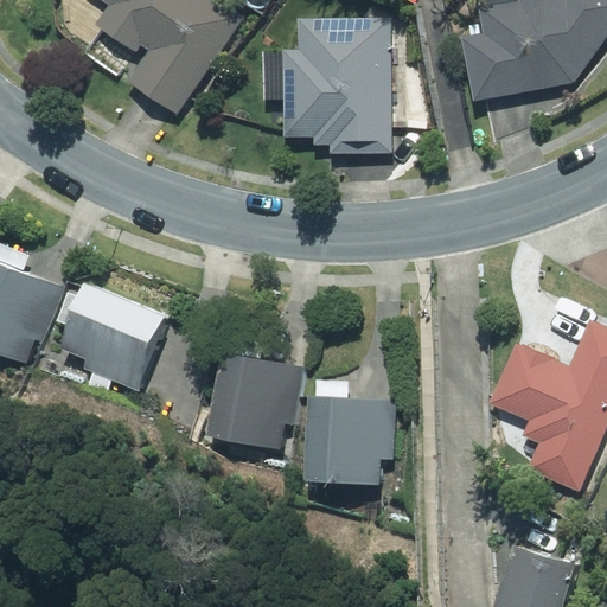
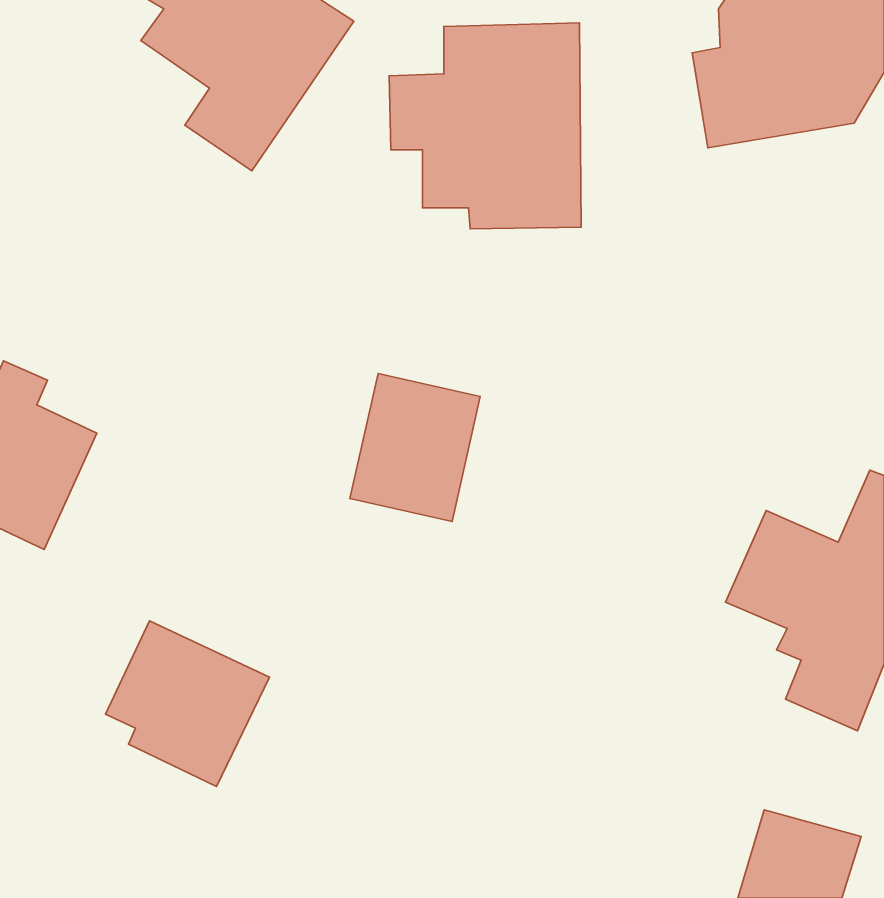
building: [64,282,174,394] -> [106,621,269,786]
building: [210,350,298,449] -> [350,374,480,521]
building: [309,383,394,485] -> none

